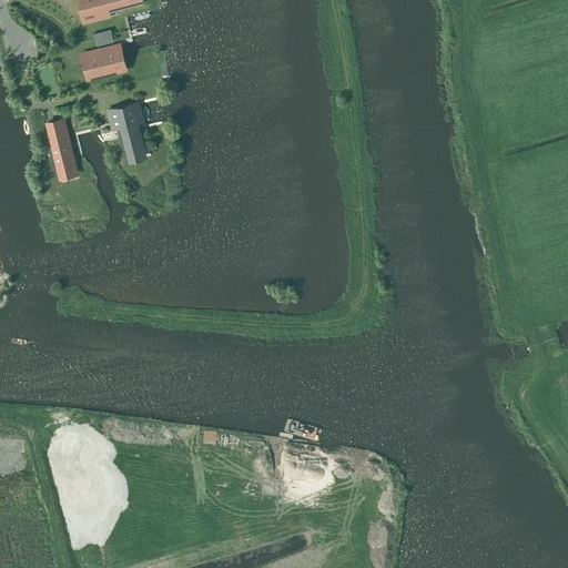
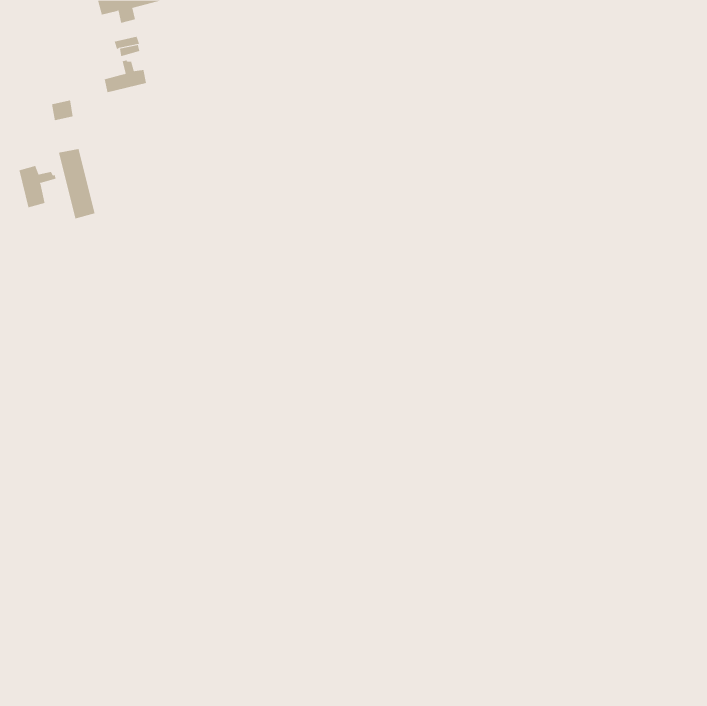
building: [111,105,143,154] -> none
building: none -> [19,165,56,208]

